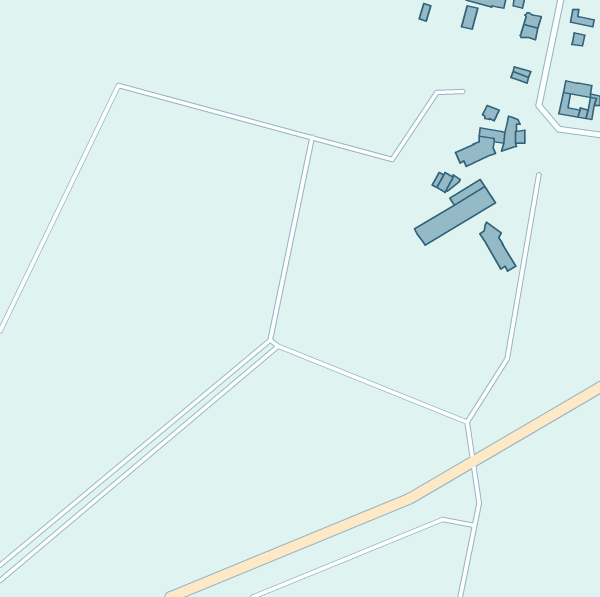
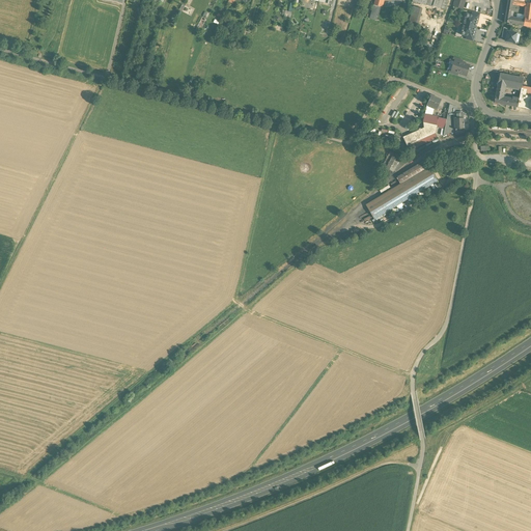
building: [480,222,516,271] -> none

